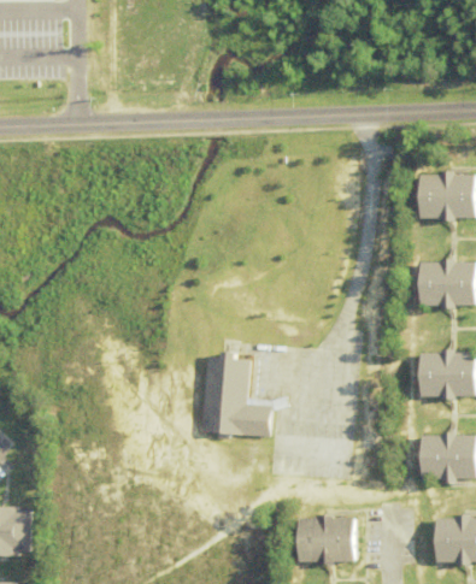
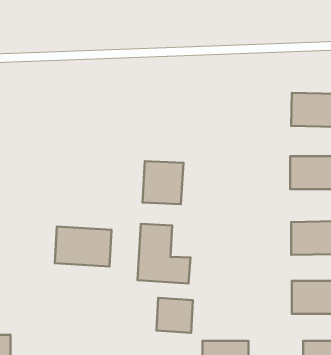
building: none -> [142,161,183,204]
building: none -> [55,226,111,266]
building: none -> [157,298,193,333]

